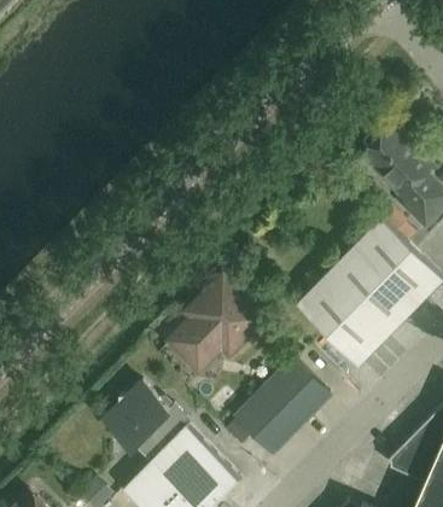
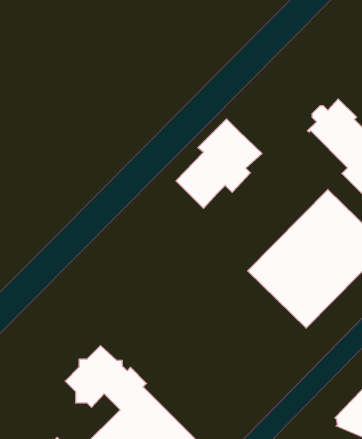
building: [169,279,260,373] -> [176,119,262,208]
building: [235,360,330,454] -> none

